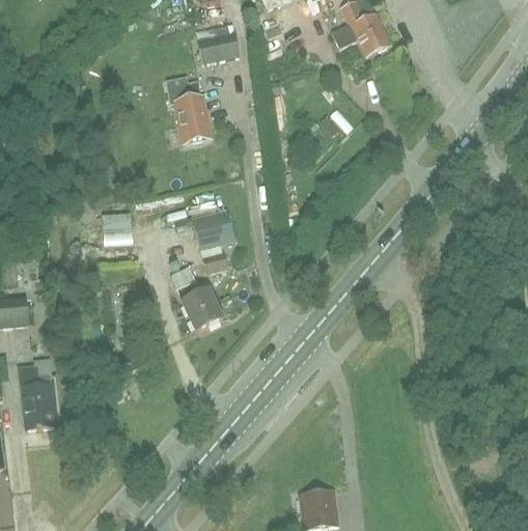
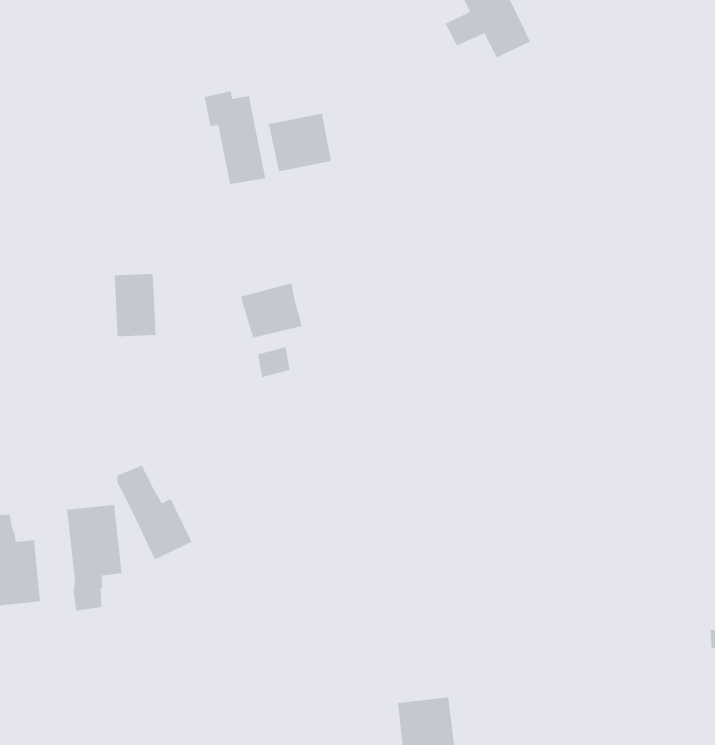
building: [195,22,239,62] -> [268,113,332,172]
building: [170,264,222,330] -> [116,464,193,560]
building: none -> [66,504,122,612]

